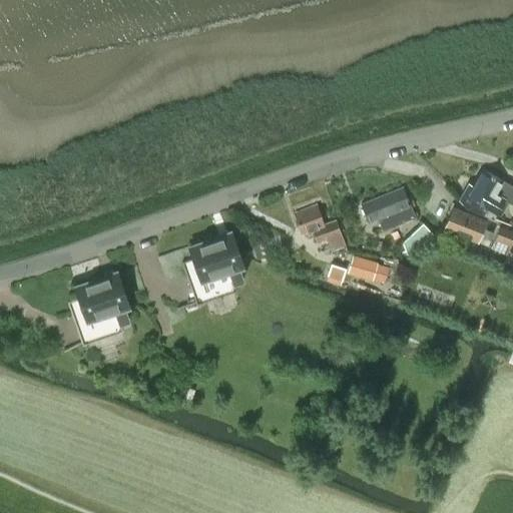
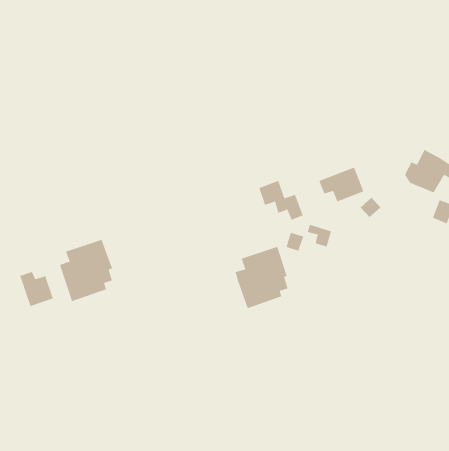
building: [446,207,495,245] -> none
building: [183,231,244,303] -> [235,246,288,309]
building: none -> [20,271,54,307]

